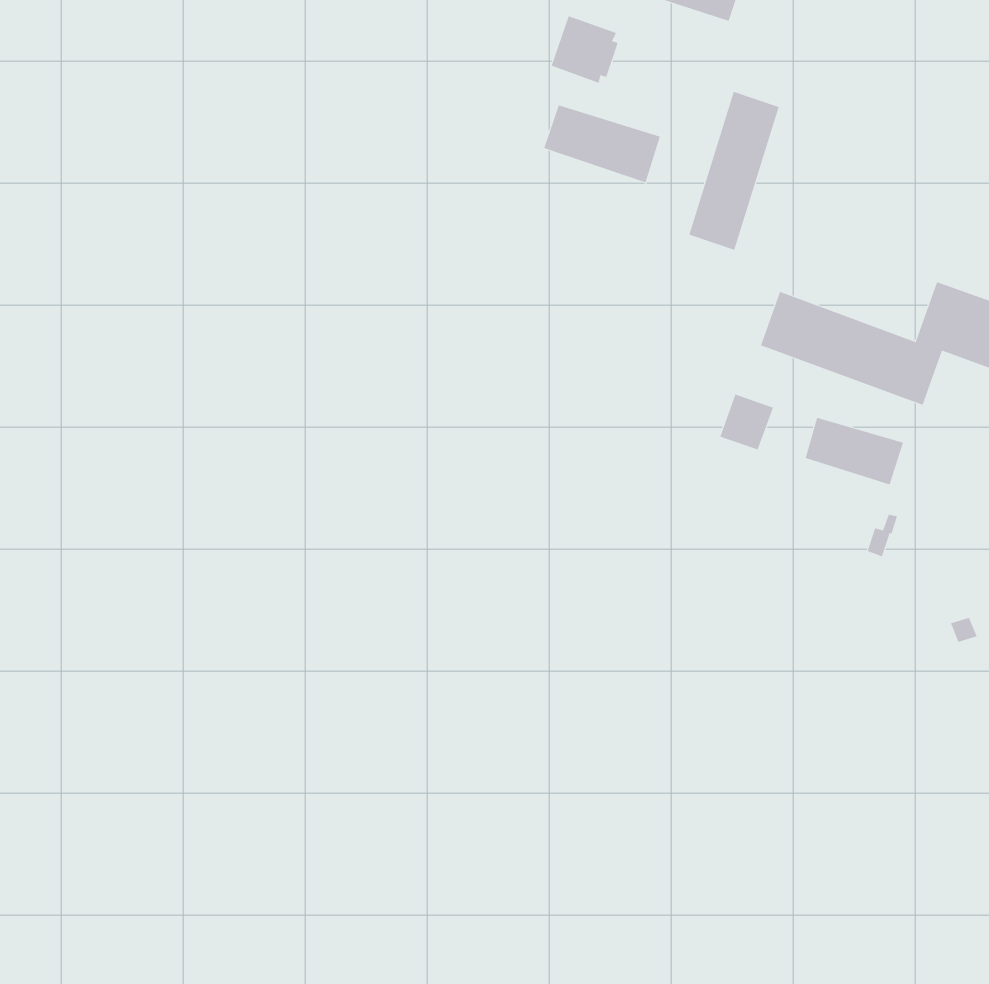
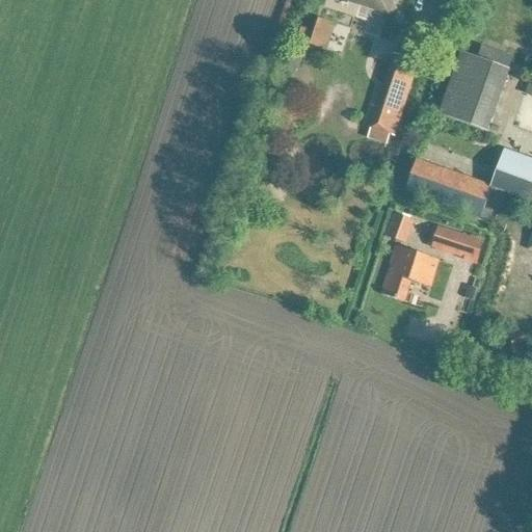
building: none -> [440,48,509,128]
building: [543,104,661,183] -> none
building: none -> [384,245,442,301]

